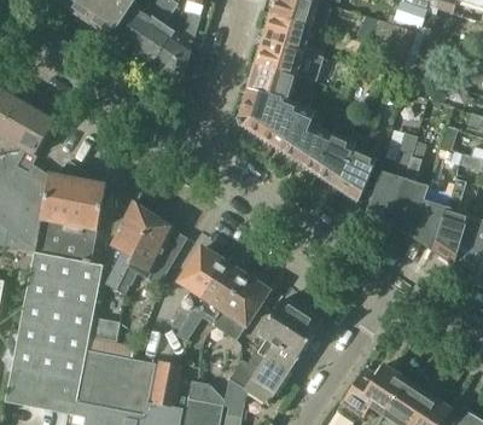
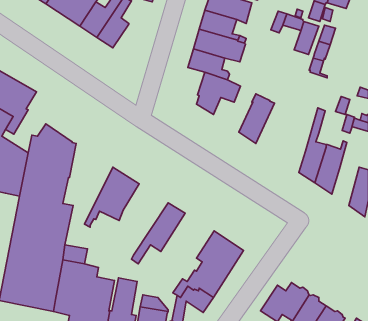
building: [152,12,200,80] -> none
building: [237,88,270,135] -> none
building: [281,112,332,171] -> none
building: [368,132,417,223] -> none
building: [336,134,377,200] -> none
building: [433,179,469,266] -> none
building: [104,203,152,290] -> none
building: [170,248,223,330] -> none
building: [214,275,267,338] -> none

